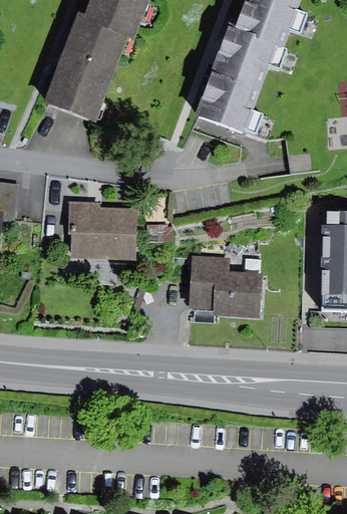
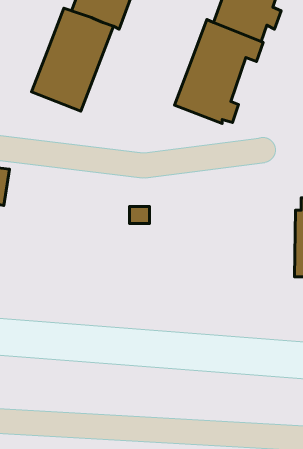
building: [69,200,135,260] -> none
building: [191,255,261,319] -> none

